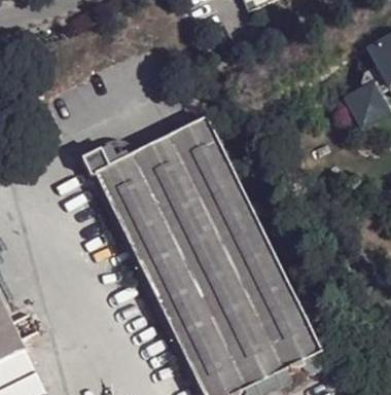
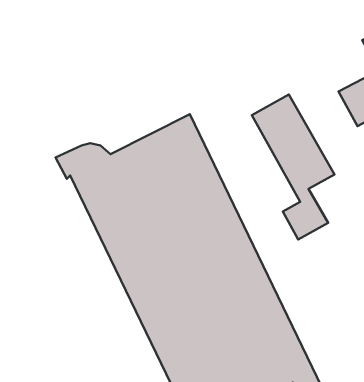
building: none -> [252,94,334,239]

